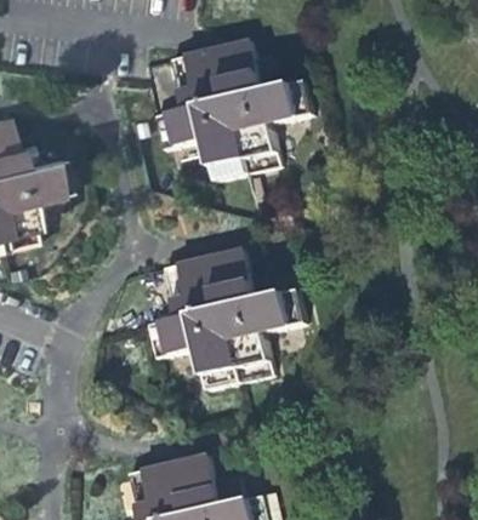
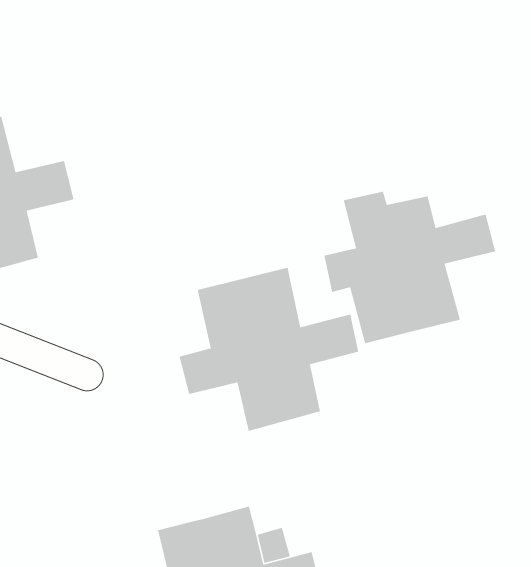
building: [158,39,312,178] -> none
building: none -> [324,191,496,344]

